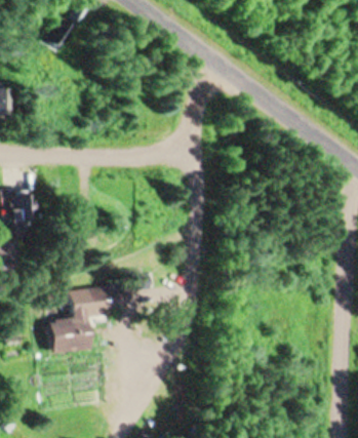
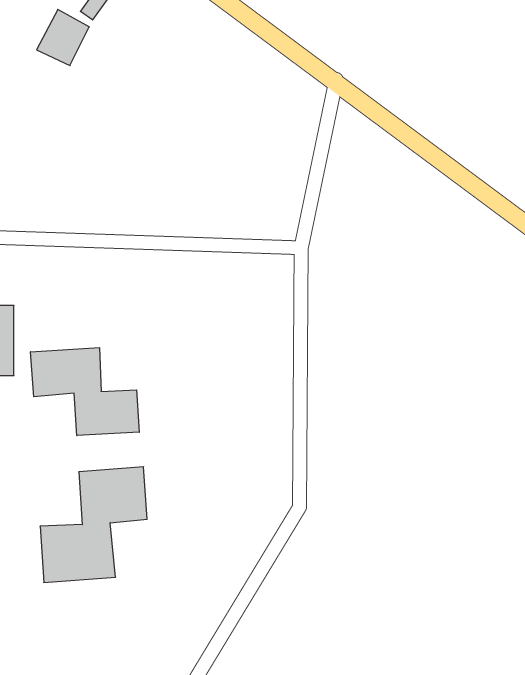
building: none -> [31,348,139,436]

